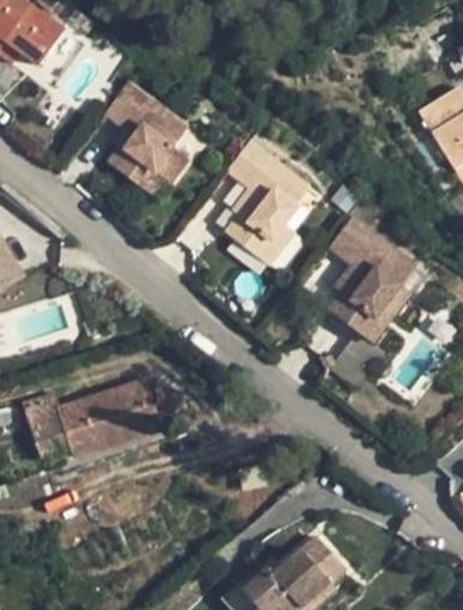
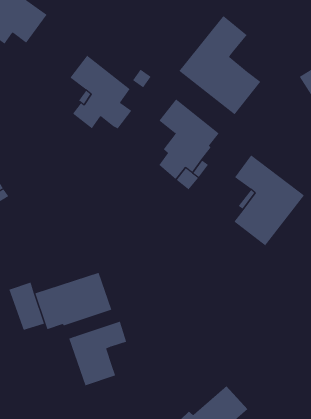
building: none -> [178,15,261,115]
building: none -> [69,321,127,386]

